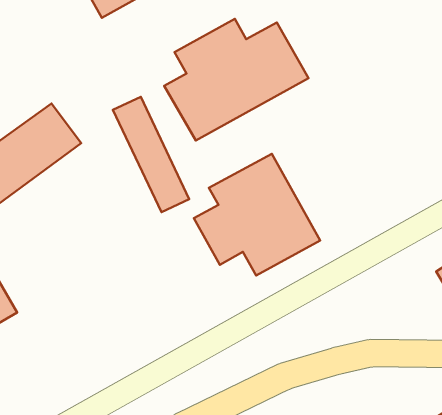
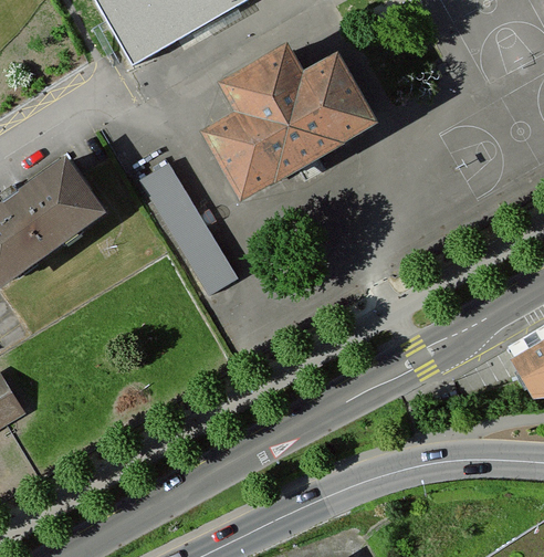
building: [194,154,320,275] -> none

